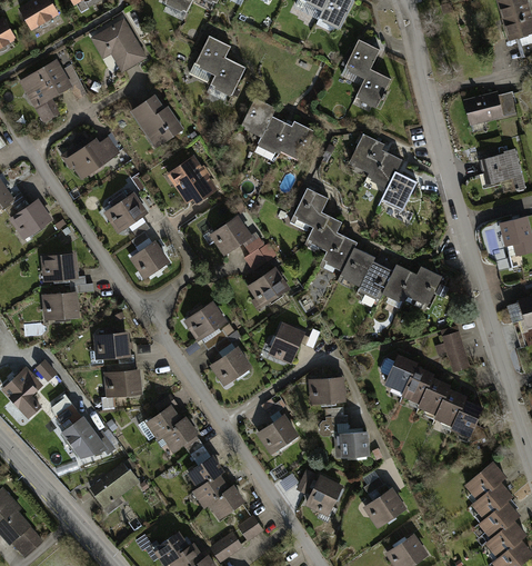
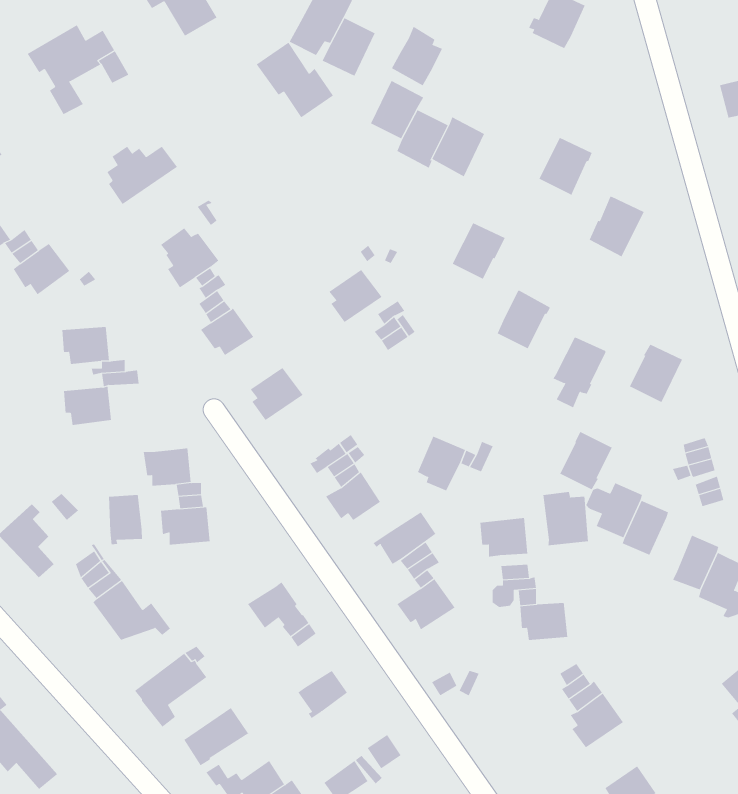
building: none -> [391,26,443,86]
building: [355,70,390,107] -> none
building: [131,97,181,146] -> [256,42,334,118]
building: [367,150,401,188] -> none
building: [169,159,213,201] -> none
building: [307,212,341,250] -> none
building: [340,248,374,286] -> none
building: [382,265,416,302] -> [559,431,613,490]
building: [249,270,285,304] -> none
building: [189,305,223,339] -> [250,367,303,421]
building: none -> [543,491,588,546]
building: none -> [109,494,143,545]
building: none -> [373,511,436,565]
building: [419,378,449,414] -> none
building: [139,397,180,440] -> none
building: [189,457,221,487] -> none
building: [307,478,340,510] -> none
building: [210,487,241,517] -> none
building: none -> [183,707,250,766]

